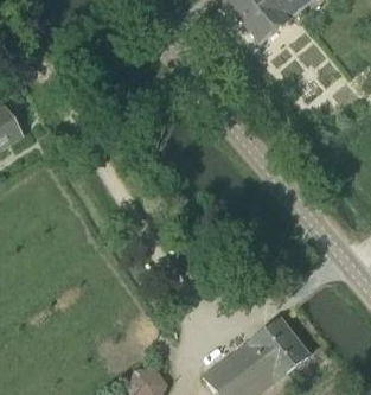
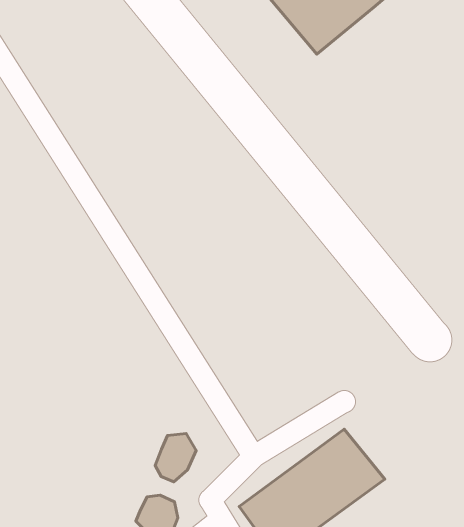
building: none -> [155,433,196,482]

